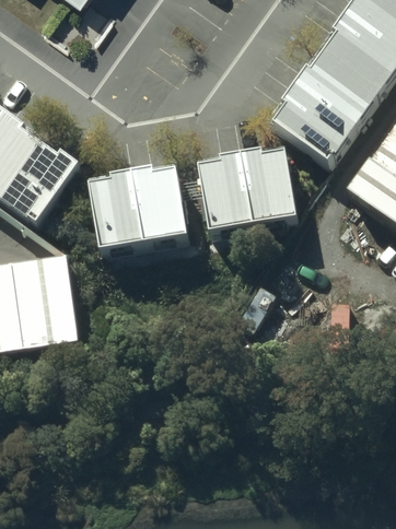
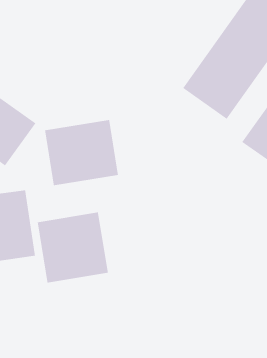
building: [198,143,296,231] -> none
building: none -> [37,212,109,283]

